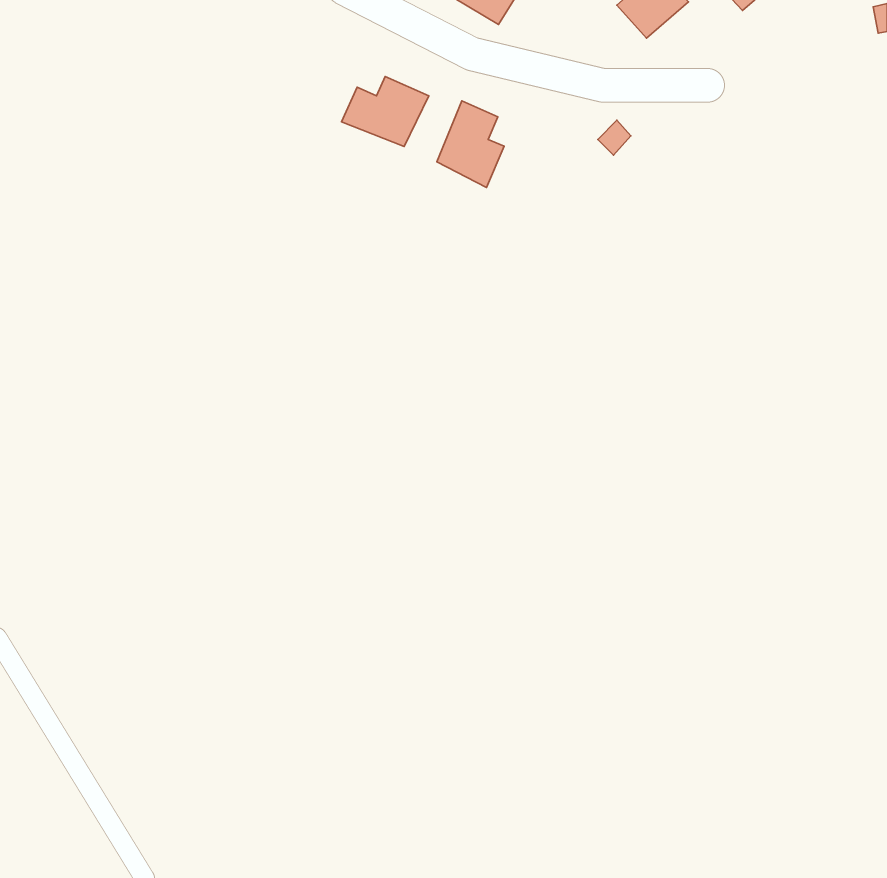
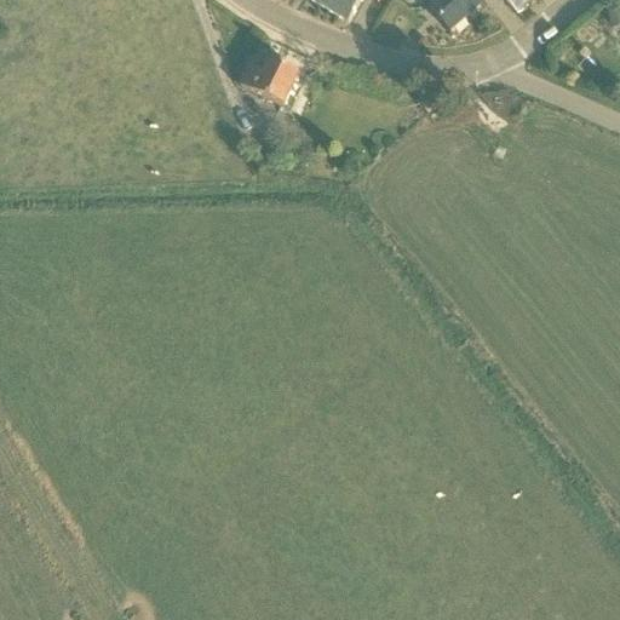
building: [437,101,504,187] -> none

